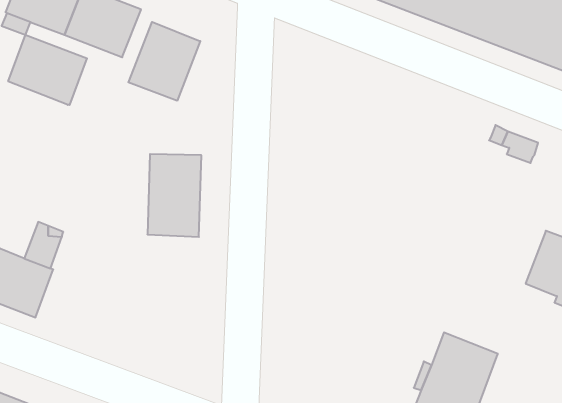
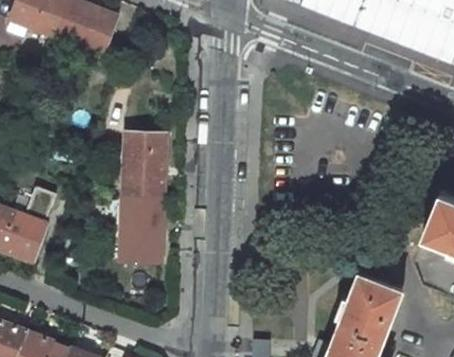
building: [128,22,200,101] -> none
building: [8,35,87,105] -> none
building: none -> [121,196,164,262]

